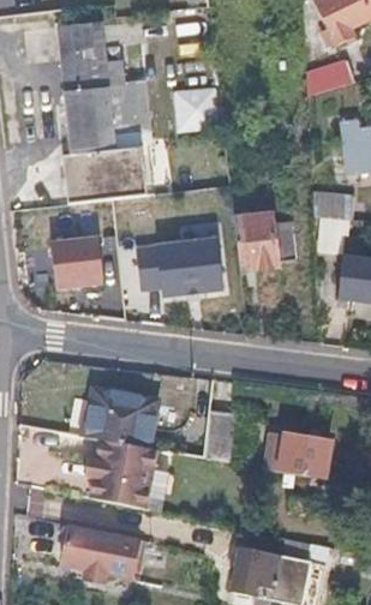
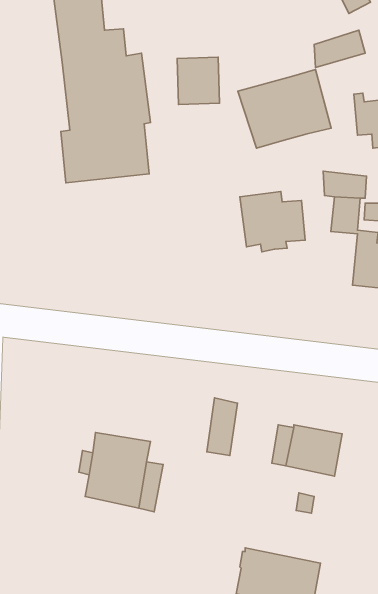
building: none -> [238,69,331,148]
building: [137,235,222,296] -> none
building: [53,236,104,288] -> none
building: [89,391,155,447] -> none
building: [59,526,136,579] -> none

